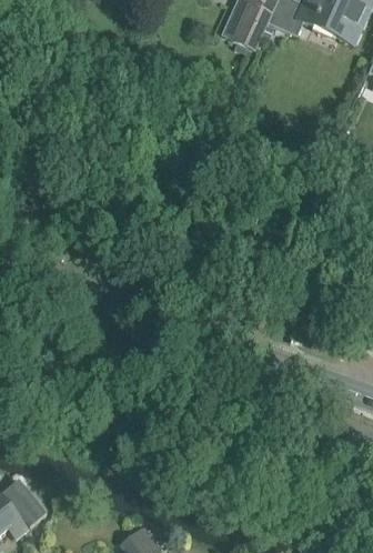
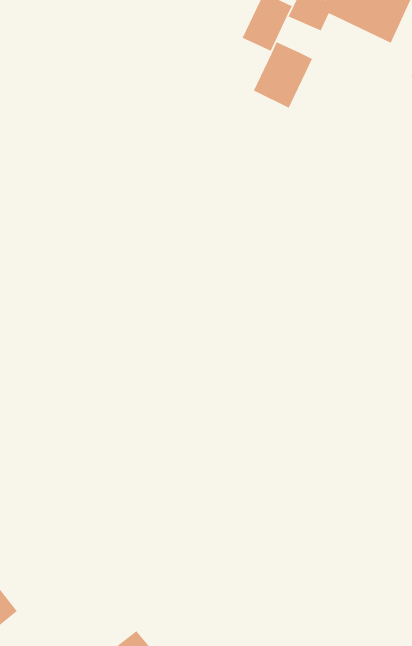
building: none -> [253,41,313,109]

